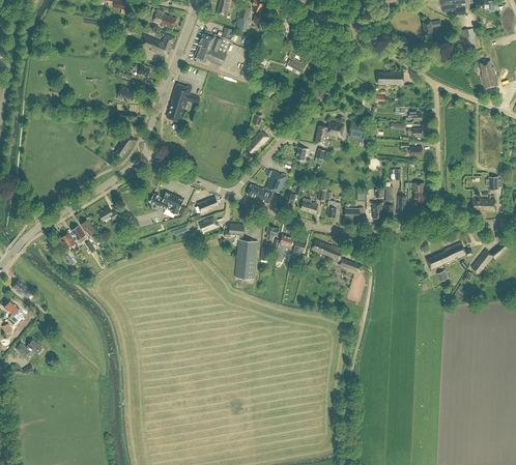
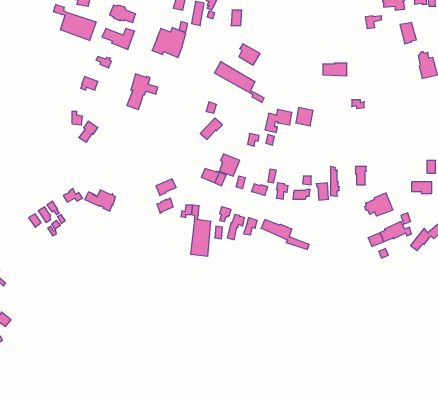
building: none -> [54,4,96,41]
building: none -> [215,61,264,103]
building: [149,192,182,214] -> [85,190,116,211]
building: none -> [365,193,393,216]

